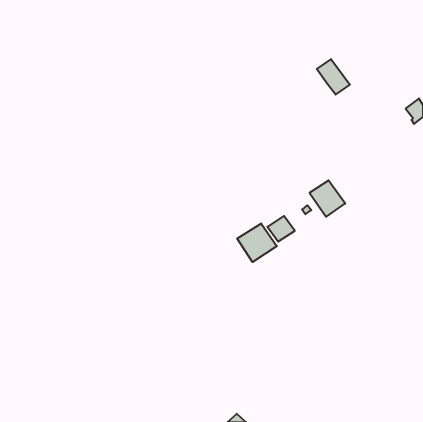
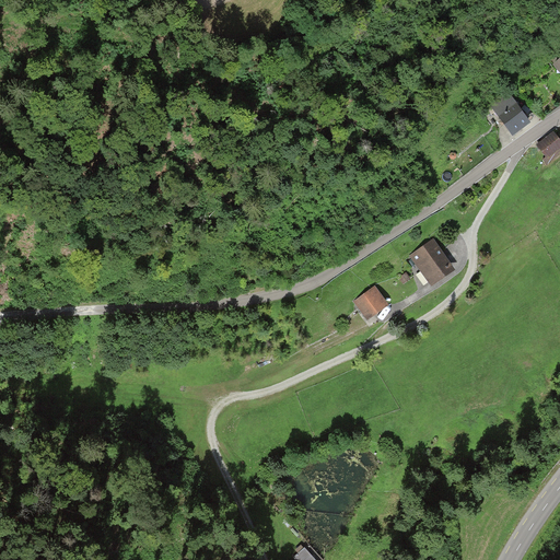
building: [317,59,350,95] -> [488,89,532,136]
building: [237,223,277,262] -> none

